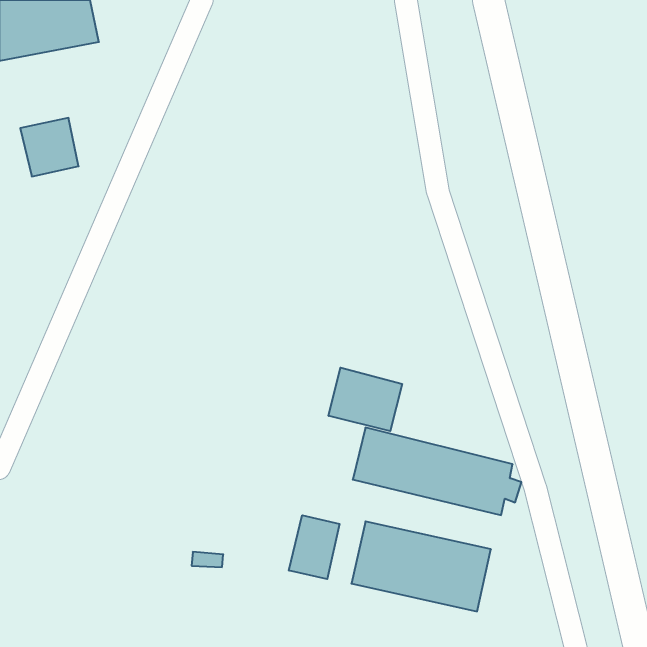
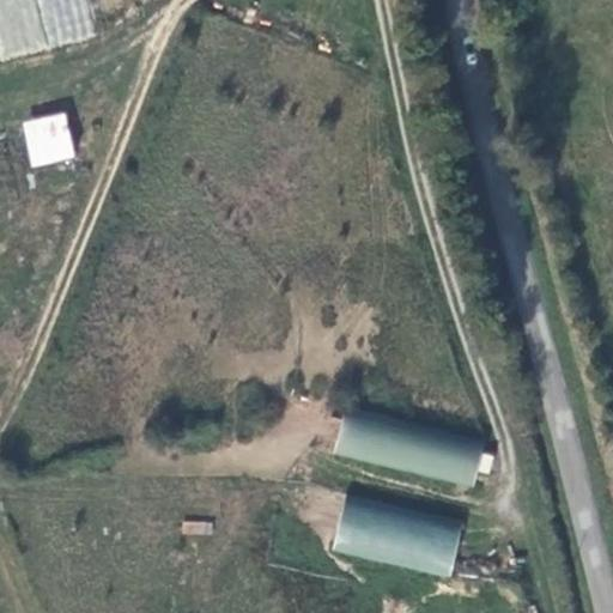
building: [329,368,402,431] -> none
building: [289,515,340,579] -> none

